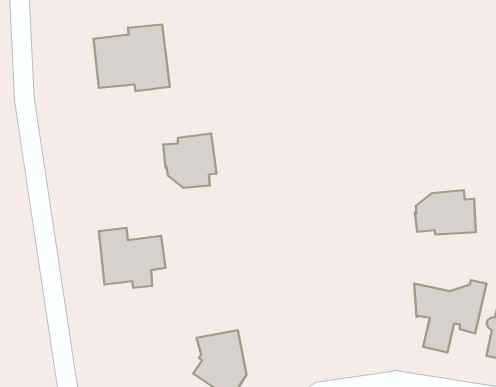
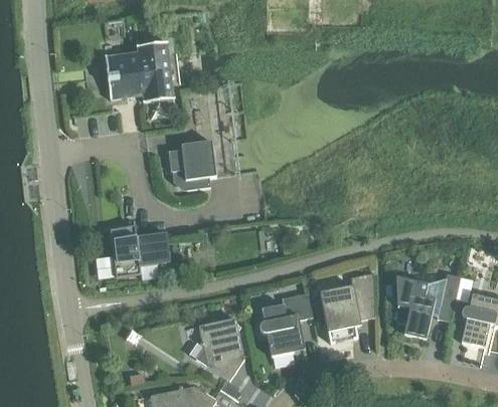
building: [415,190,476,235] -> none
building: none -> [319,271,374,342]
building: none -> [259,291,312,355]

